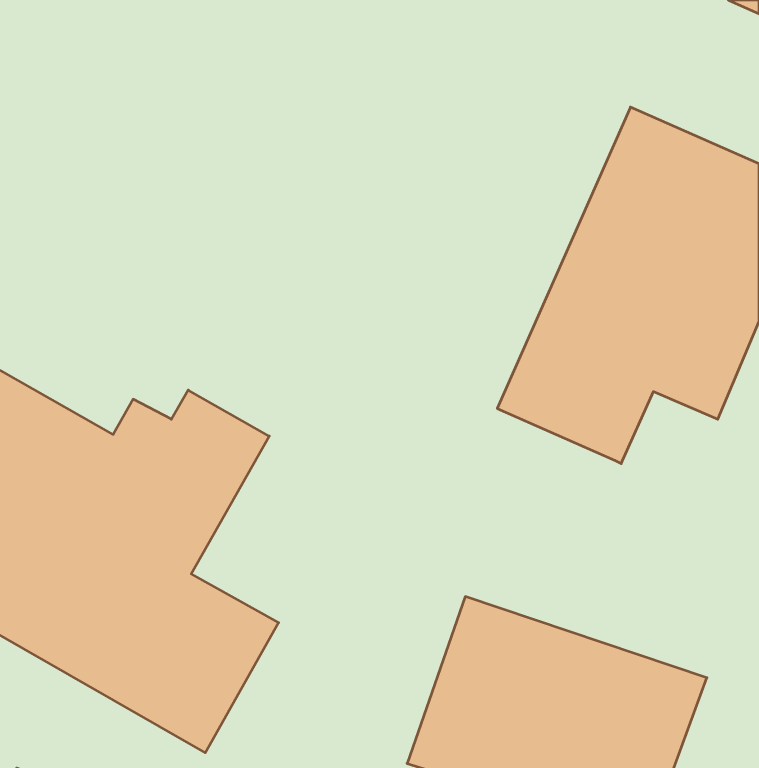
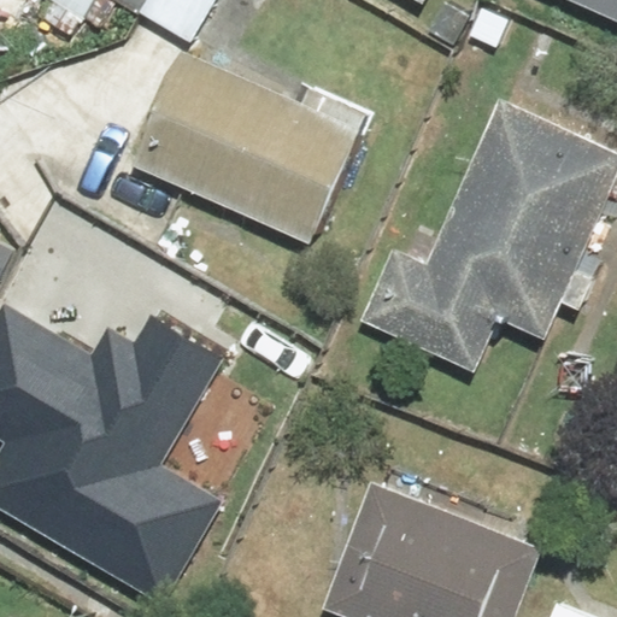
building: none -> [140,63,372,247]

